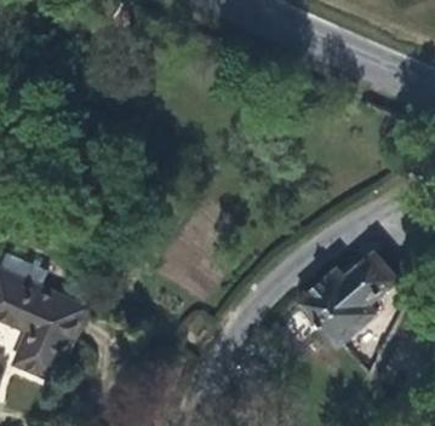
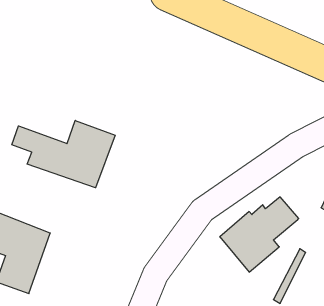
building: none -> [12,120,115,188]

